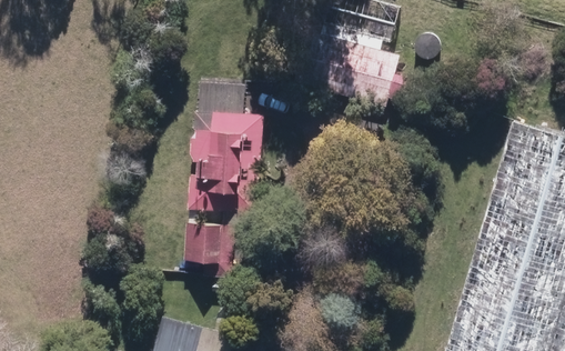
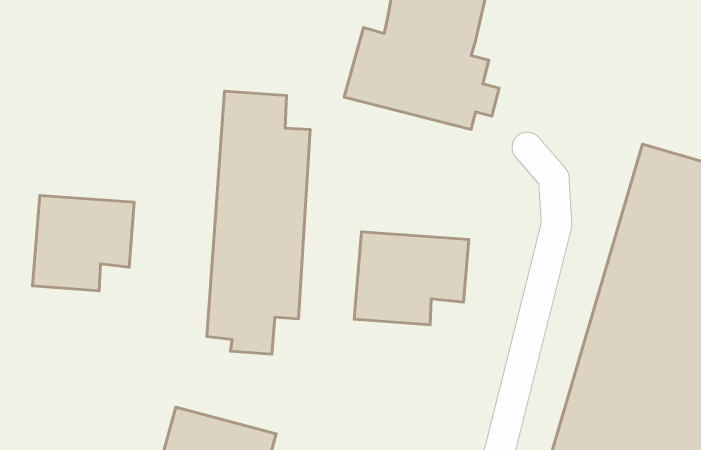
building: none -> [32,196,134,291]
building: none -> [354,232,469,325]

